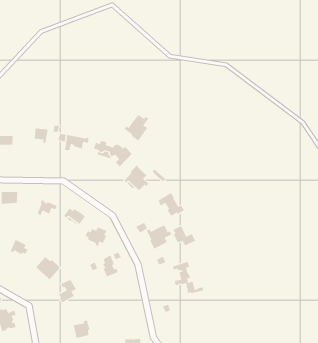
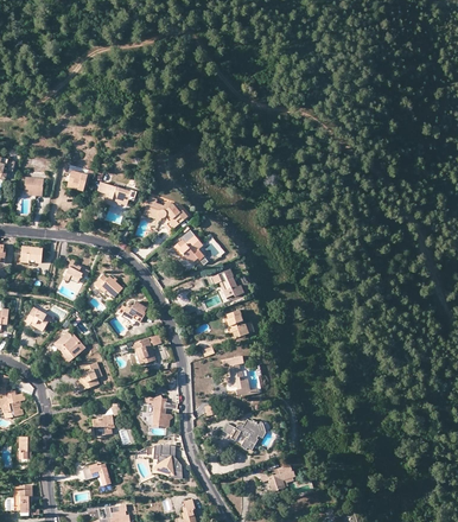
building: [124,114,149,142] -> none
building: [146,225,172,249] -> none
building: none -> [141,395,177,426]
building: none -> [223,419,263,450]

